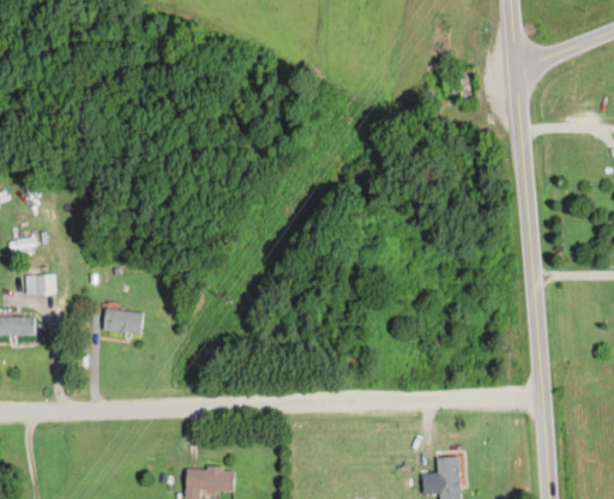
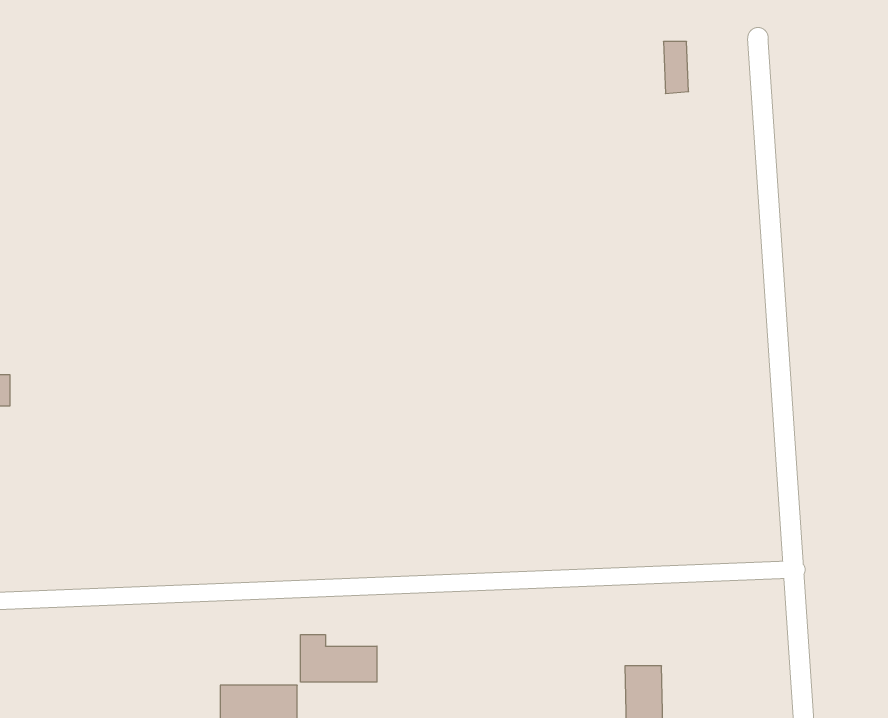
building: [103,311,143,335] -> none
building: none -> [301,635,377,682]

